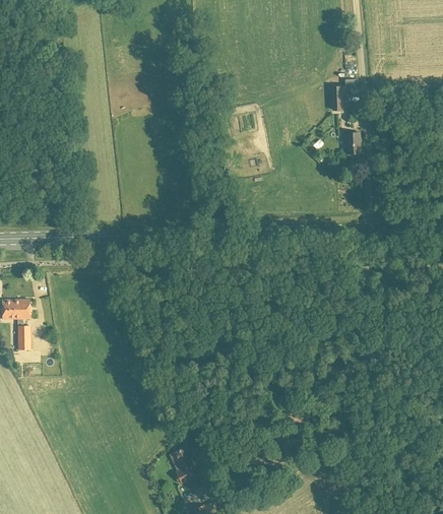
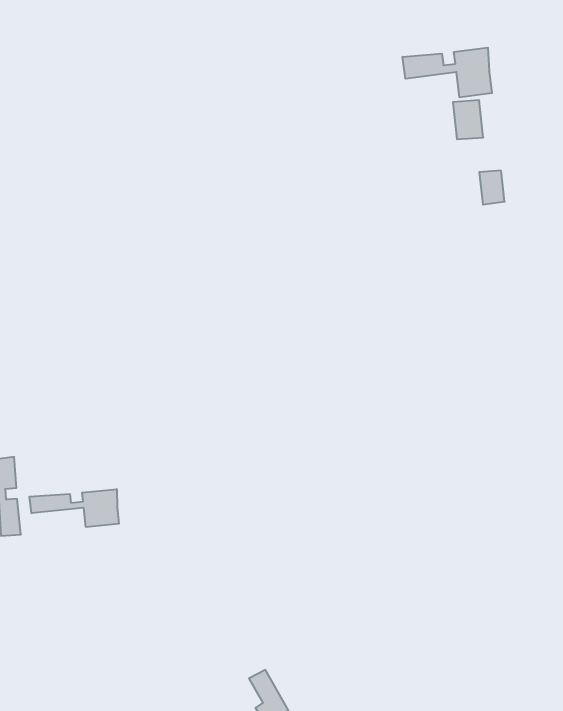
building: none -> [403,48,492,97]
building: none -> [30,489,119,527]

